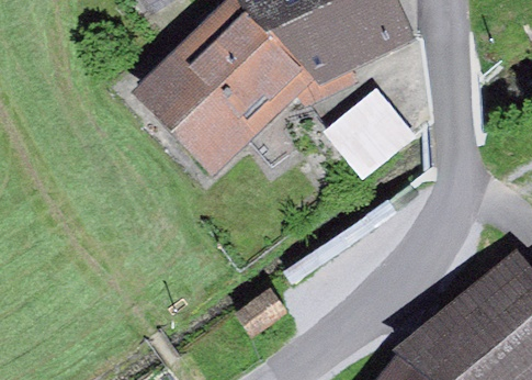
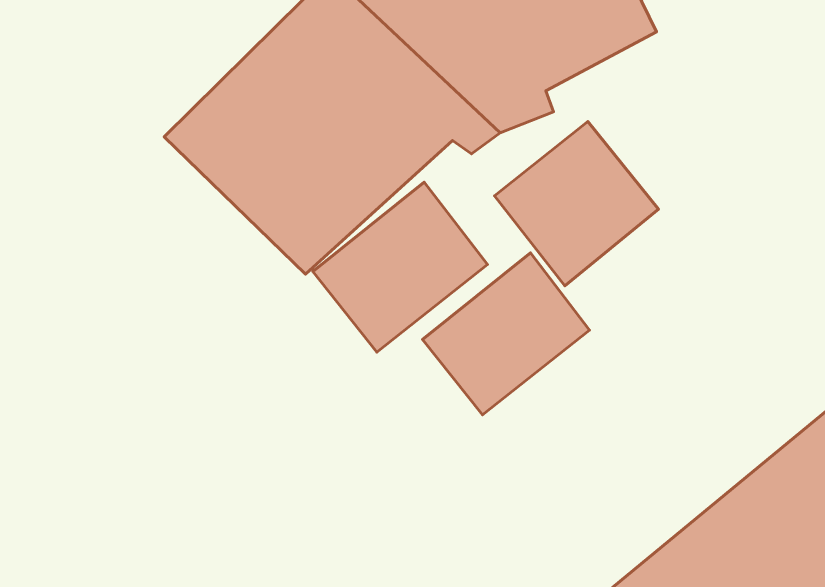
building: none -> [313,182,487,352]
building: none -> [422,253,590,415]

